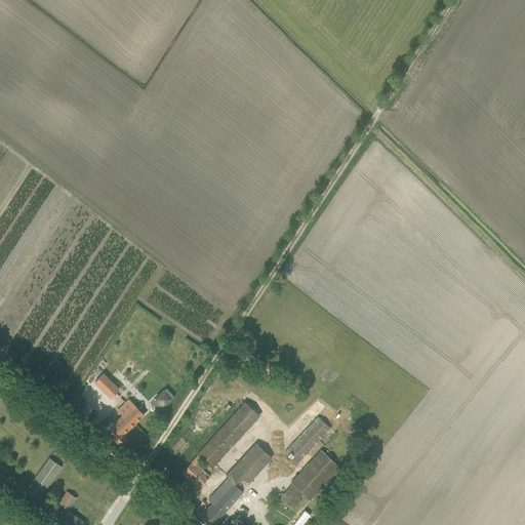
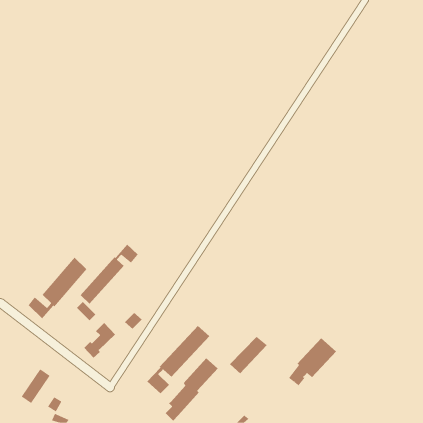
building: none -> [80,244,138,305]
building: none -> [28,257,87,319]
building: [280,449,340,510] -> [288,337,337,386]

